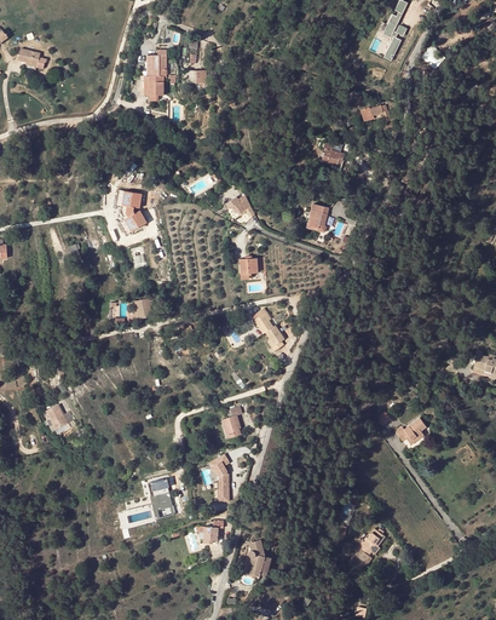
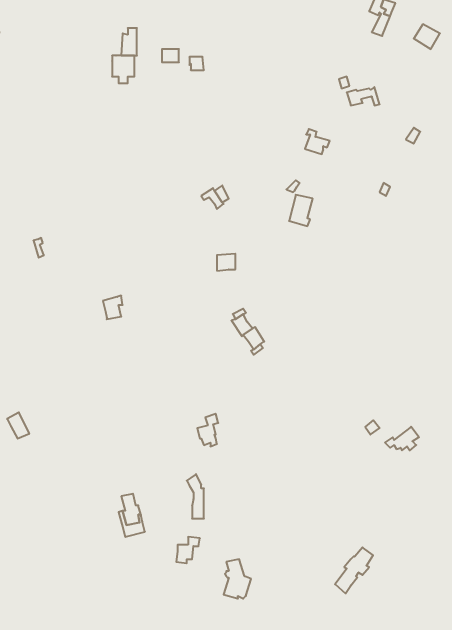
building: [115,191,146,236] -> none

